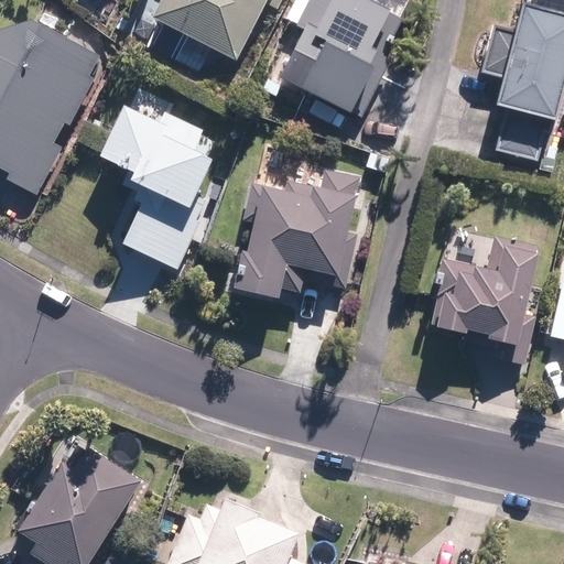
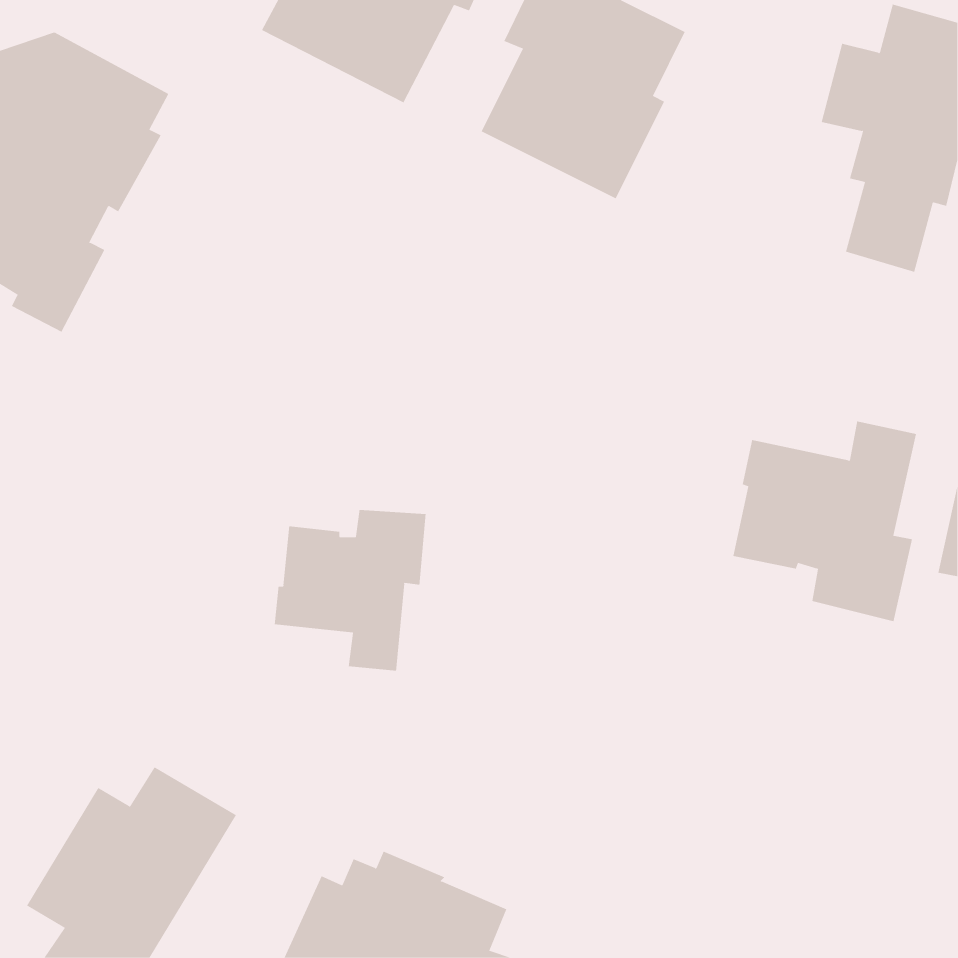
building: [100,105,214,270] -> none
building: [235,170,358,299] -> none
building: none -> [274,509,426,672]

